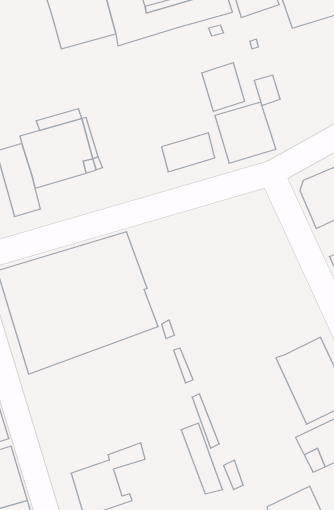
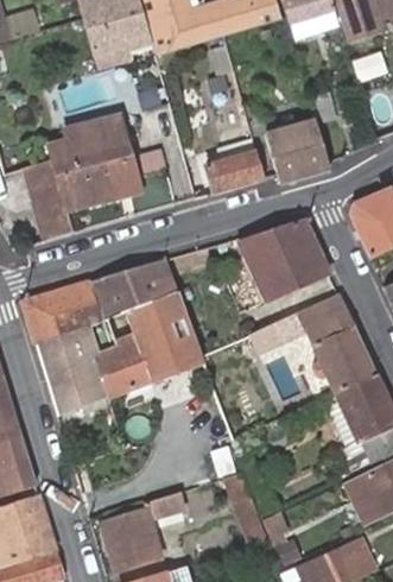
building: [202,63,245,112] -> none
building: none -> [237,216,330,302]
building: none -> [267,295,376,392]

